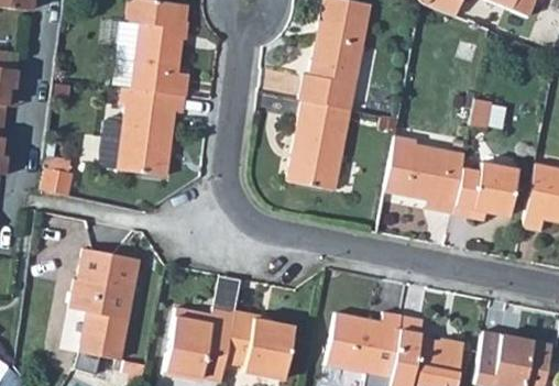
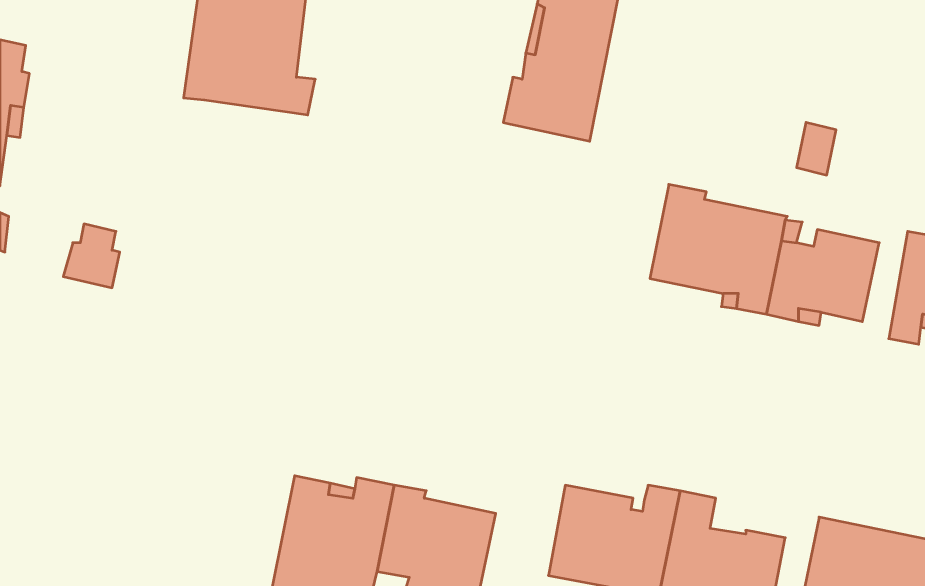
building: [100,86,185,176] -> none
building: [288,100,350,189] -> none
building: [69,247,139,360] -> none

